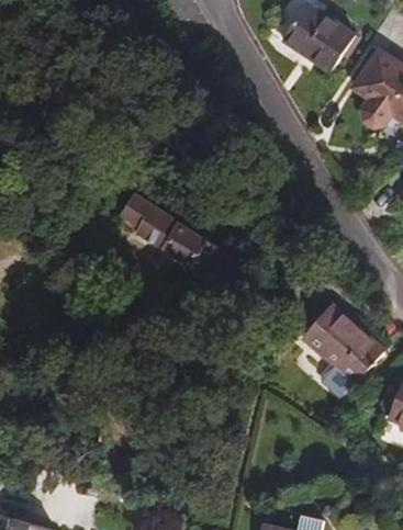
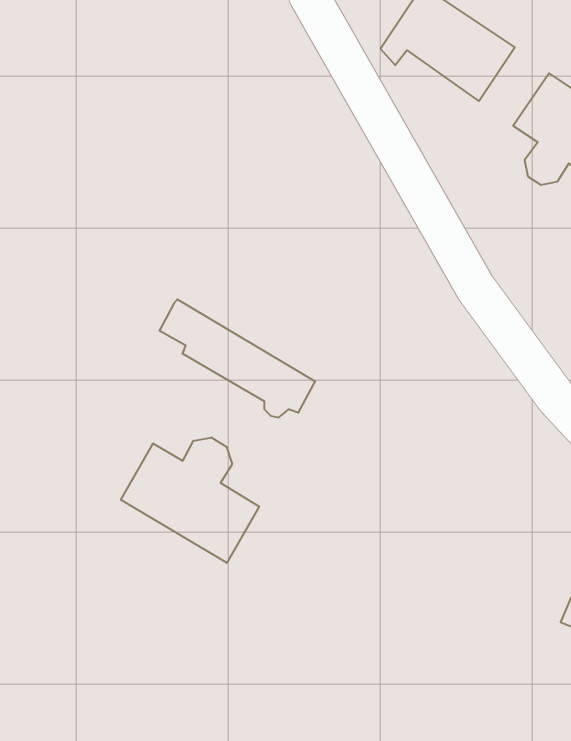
building: none -> [121,437,259,563]
building: [305,306,382,383] -> none

